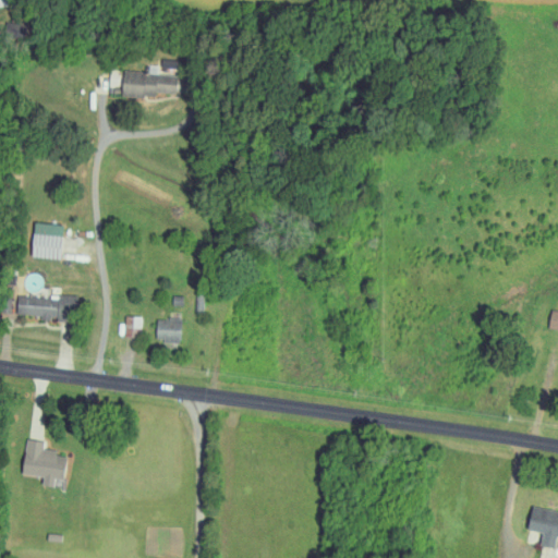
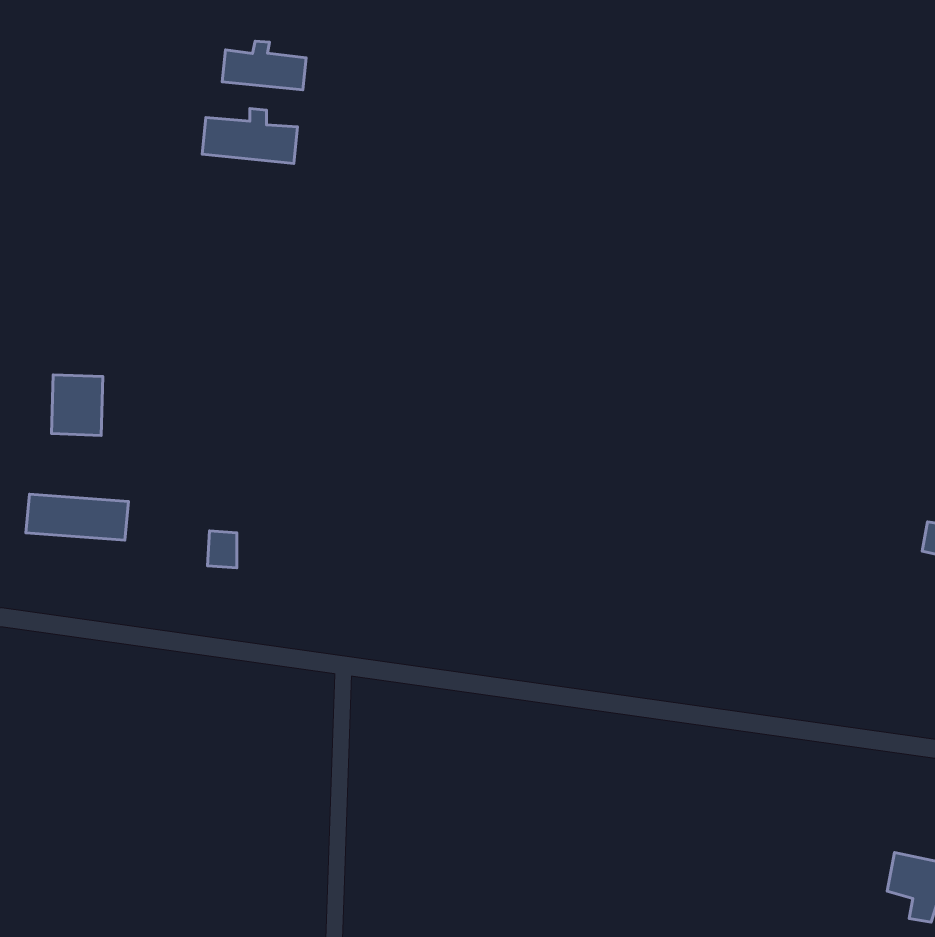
building: none -> [222,41,306,90]
building: [157,318,183,343] -> none
building: [23,439,69,487] -> none

